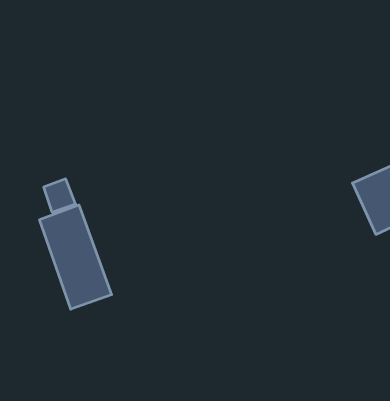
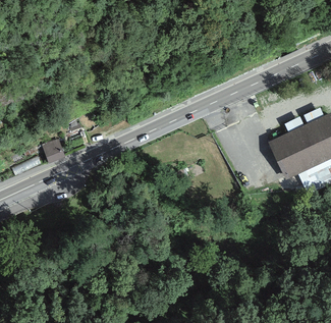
building: [40,205,112,309] -> none

